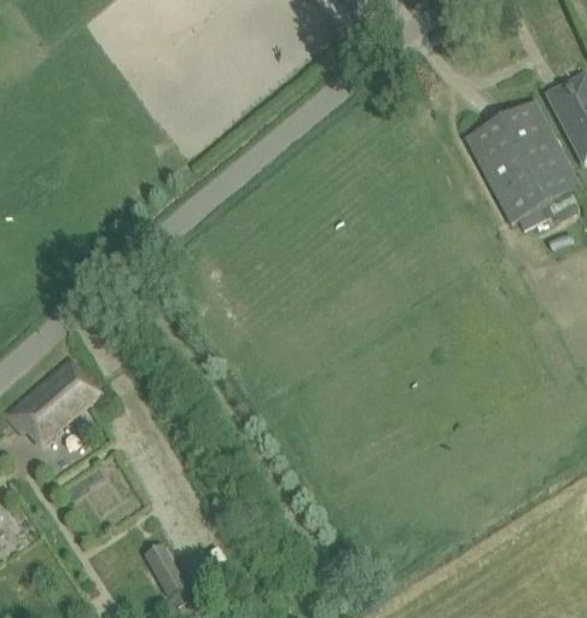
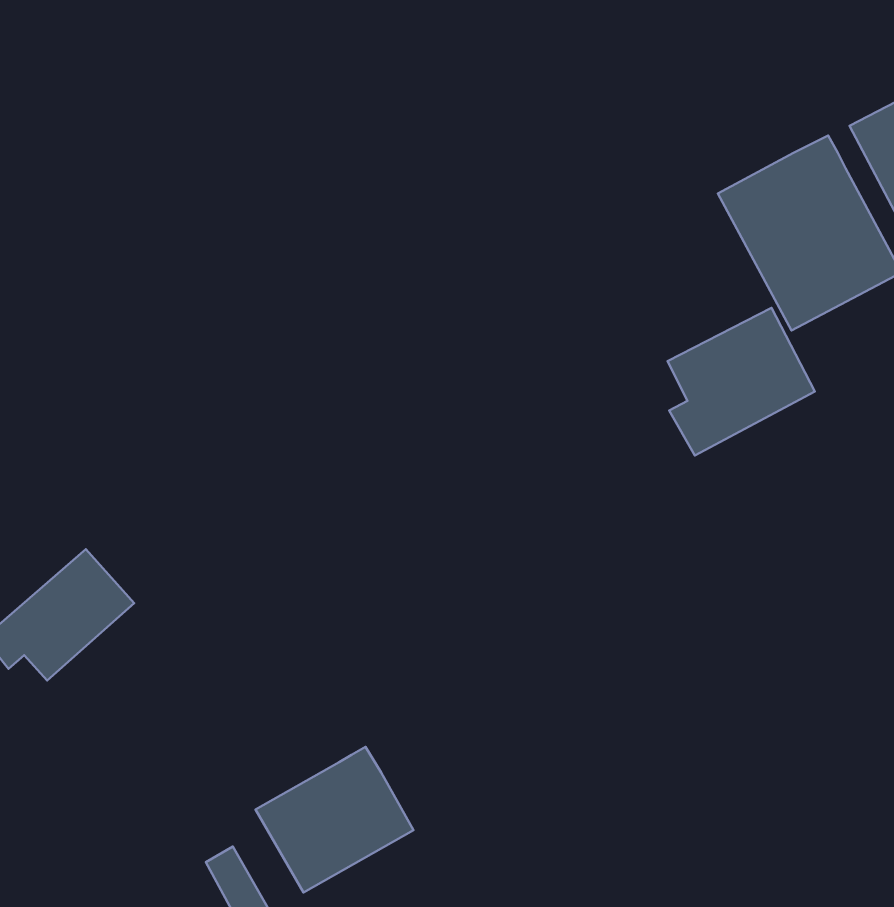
building: none -> [668,308,815,456]
building: none -> [255,747,414,893]

